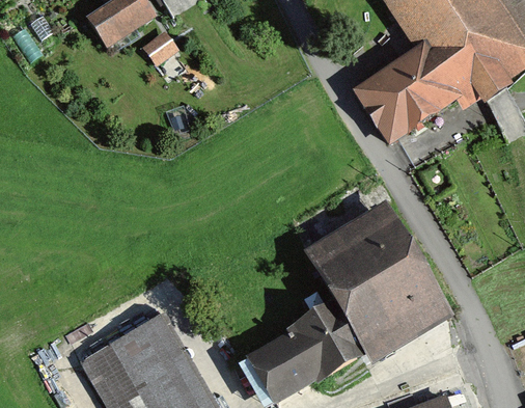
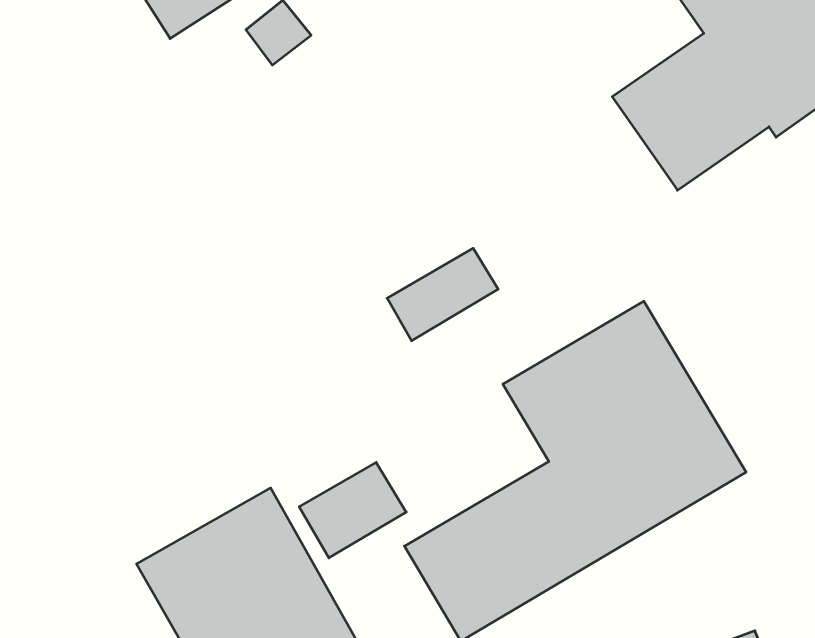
building: none -> [387,248,498,341]
building: none -> [299,462,406,558]

